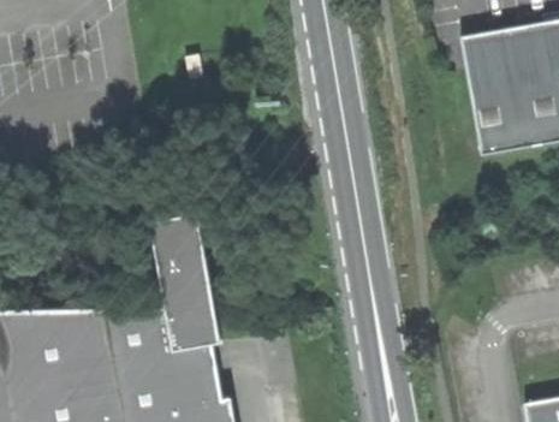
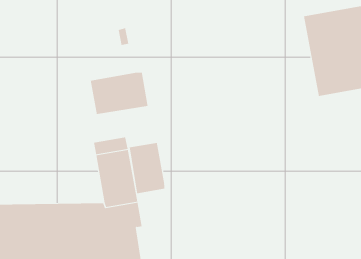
building: none -> [90,72,148,115]
building: none -> [129,142,165,194]

